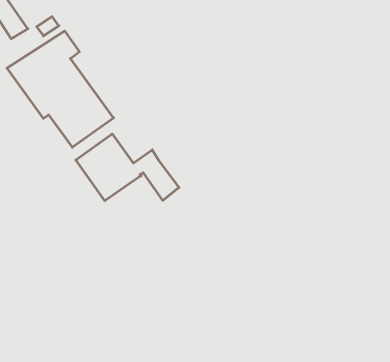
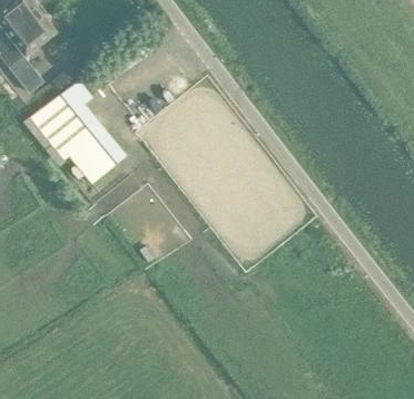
building: [76,134,179,201] -> none

